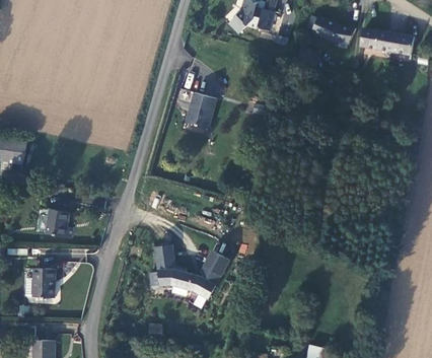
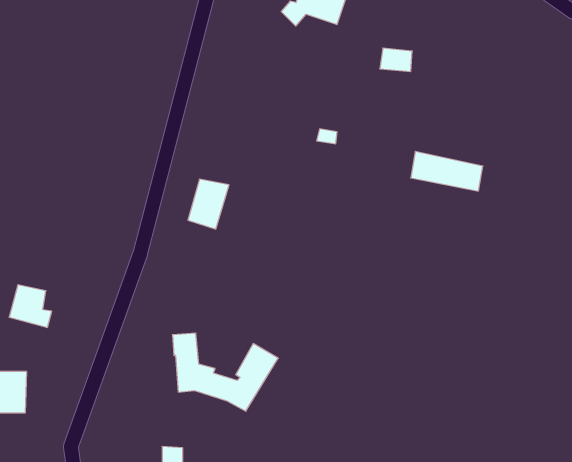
building: [305,19,352,49] -> none
building: [358,31,408,59] -> [411,151,483,191]
building: [187,93,215,128] -> [188,179,229,229]

